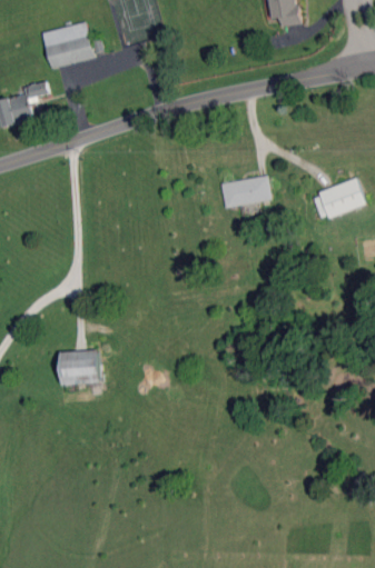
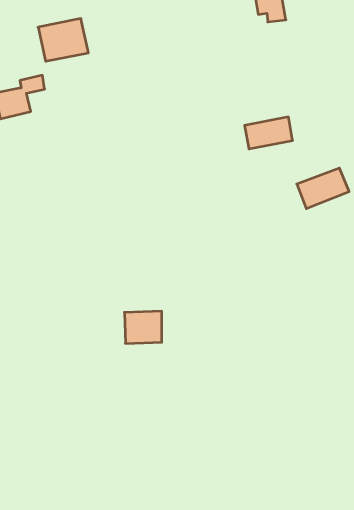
building: [220,175,270,208] -> [245,117,293,149]
building: [60,350,99,383] -> [124,311,162,343]

